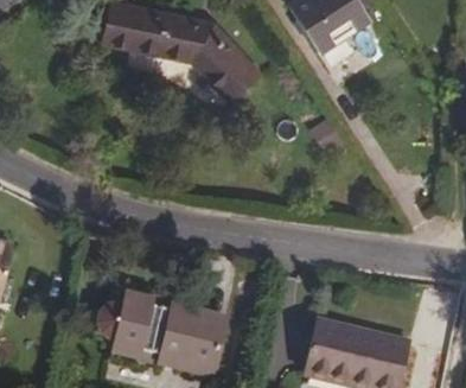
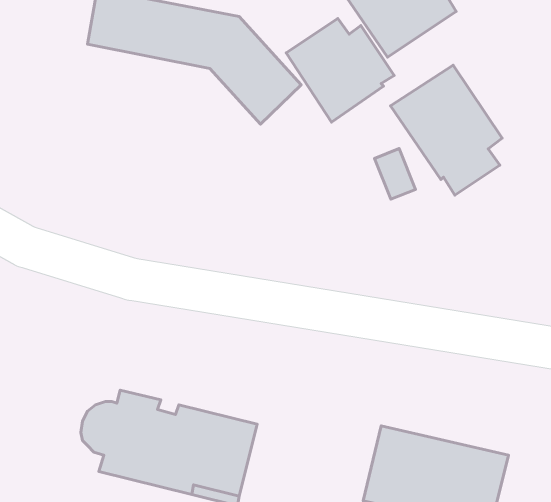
building: none -> [286,18,394,122]
building: none -> [391,65,502,195]

